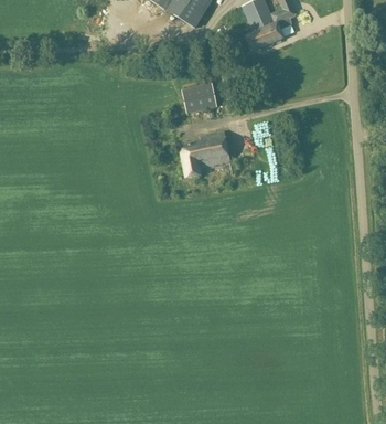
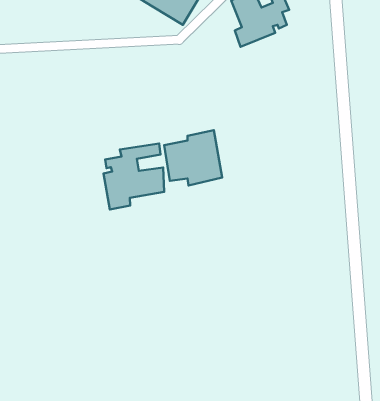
building: [182,82,217,113] -> none
building: none -> [104,143,164,209]

